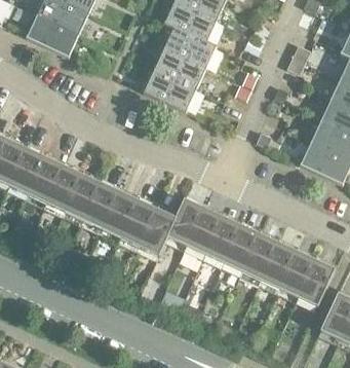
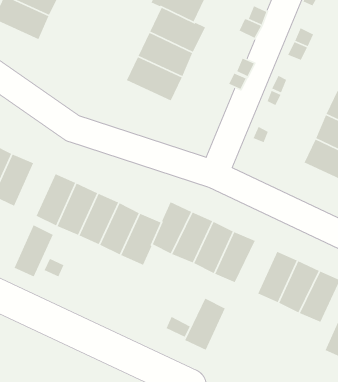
building: [46,164,82,212] -> [13,224,54,277]
building: [241,233,278,281] -> [184,298,226,351]

